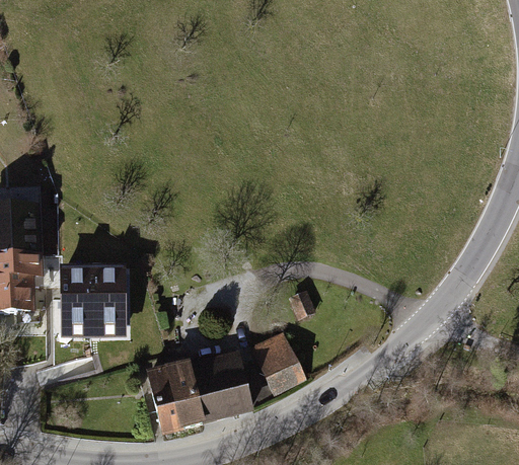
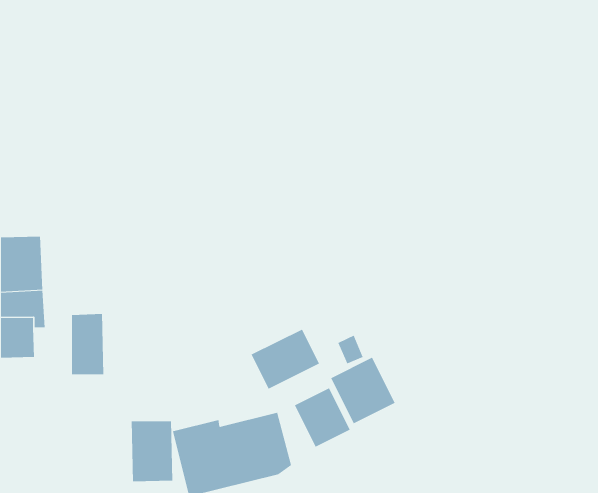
building: [89,273,126,325] -> [131,421,173,482]
building: none -> [251,329,320,390]
building: none -> [330,357,395,424]

